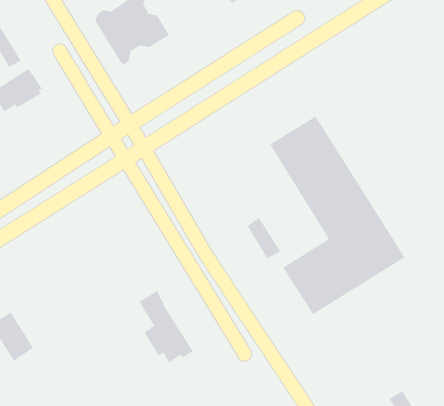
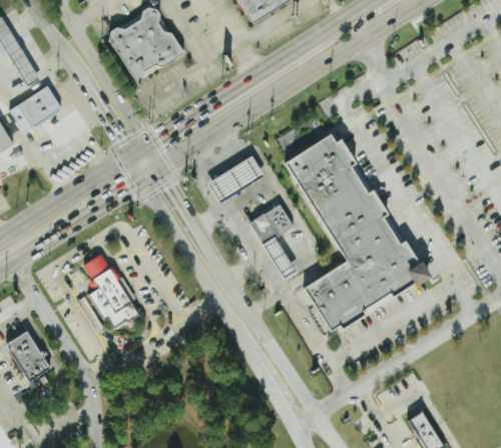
building: none -> [209,154,266,199]
building: none -> [249,202,294,244]
building: [138,290,194,363] -> [80,252,136,326]

